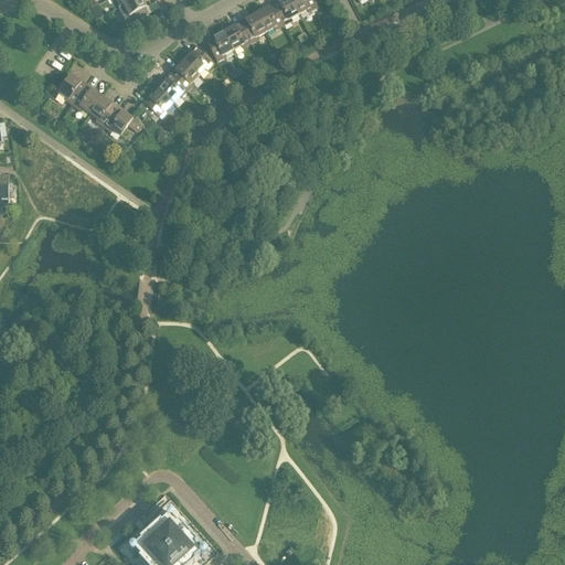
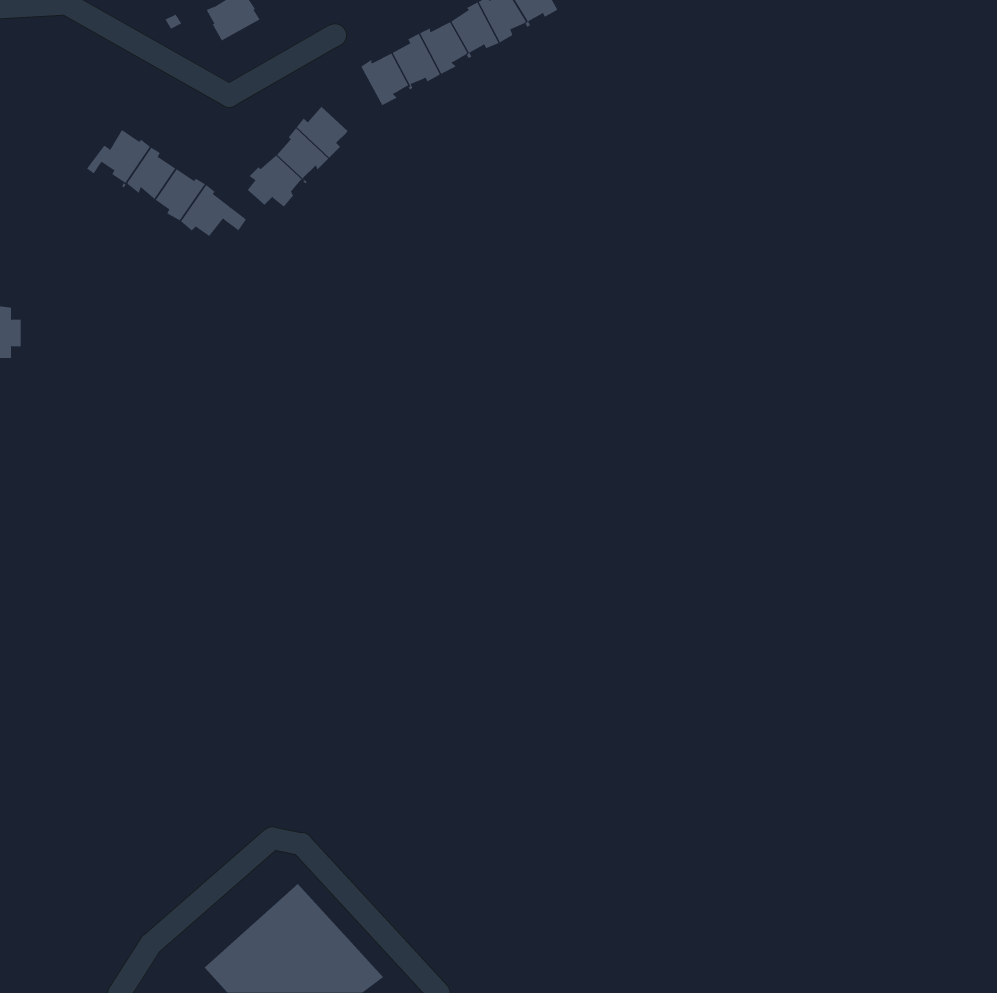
building: [181,44,212,76] -> none

